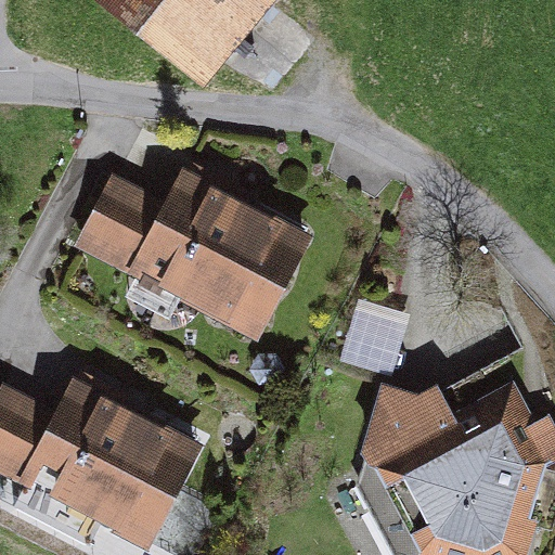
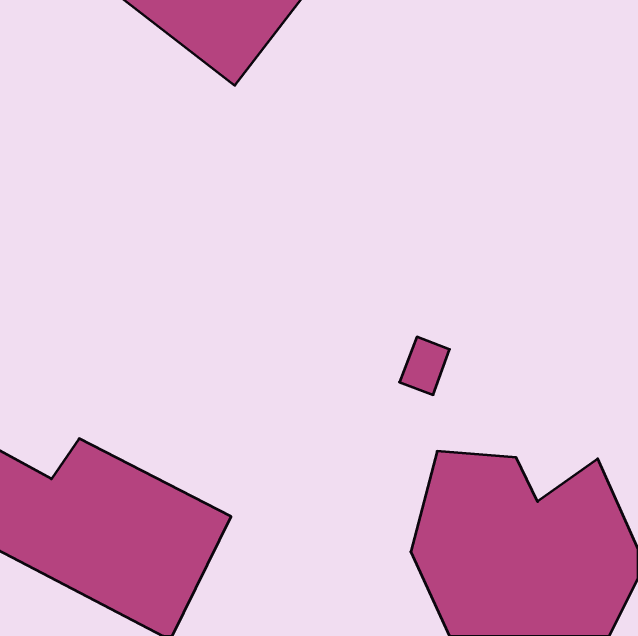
building: [77,166,317,340] -> none

